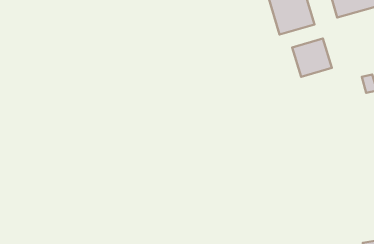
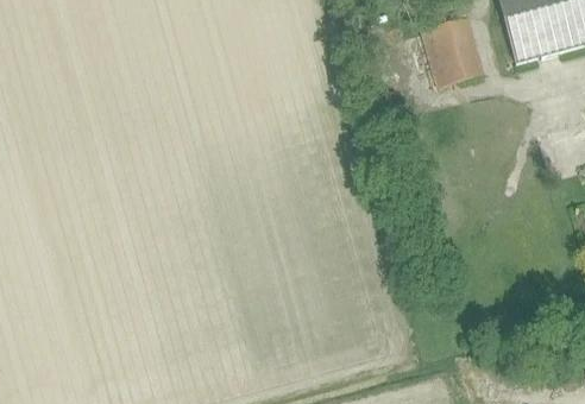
building: [292,39,332,77] -> none

